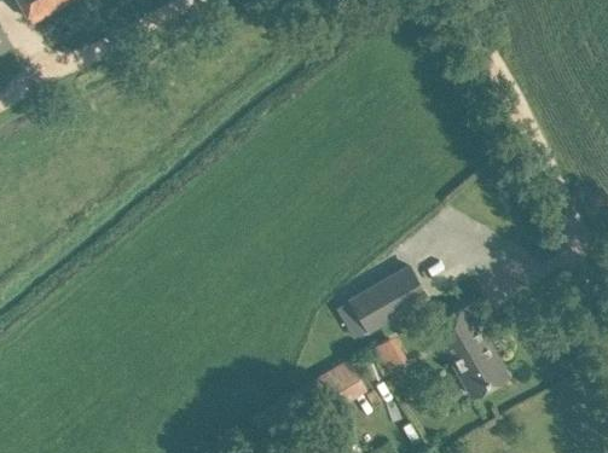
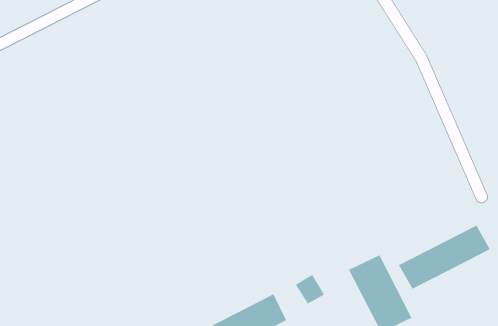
building: [351,266,427,330] -> none
building: none -> [398,224,491,290]

